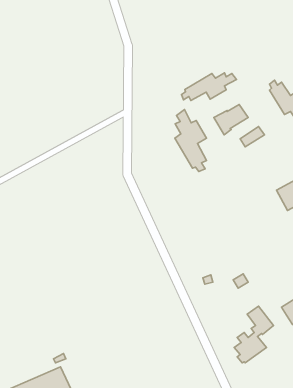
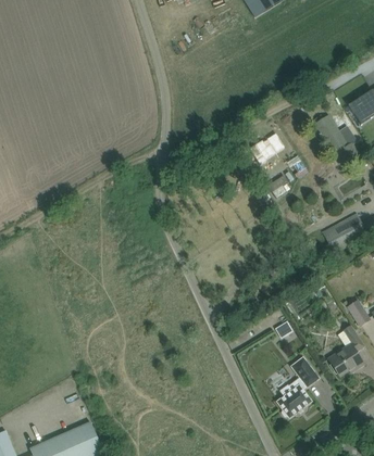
building: [181,73,236,100] -> none
building: [175,110,207,172] -> none

